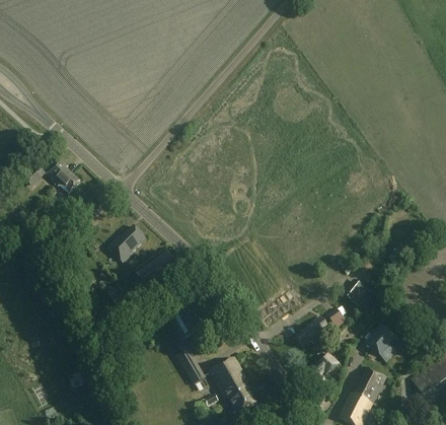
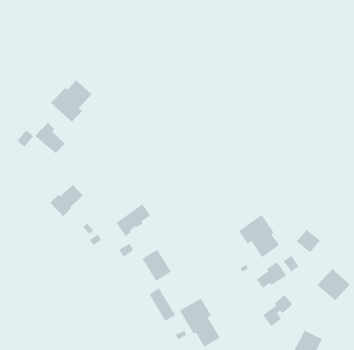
building: none -> [50,79,92,122]
building: [107,225,146,263] -> [50,184,84,217]
building: none -> [238,214,280,258]
building: [354,367,386,404] -> none

